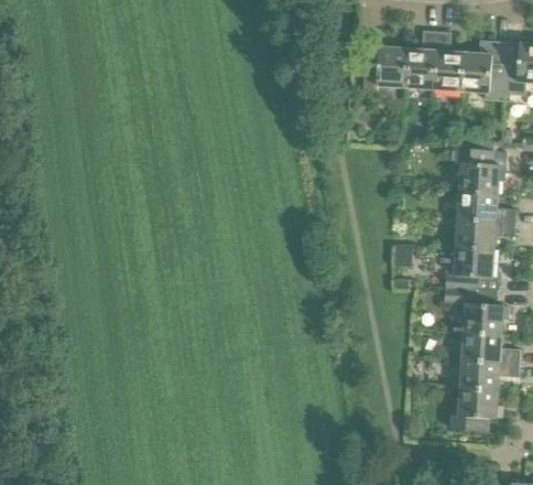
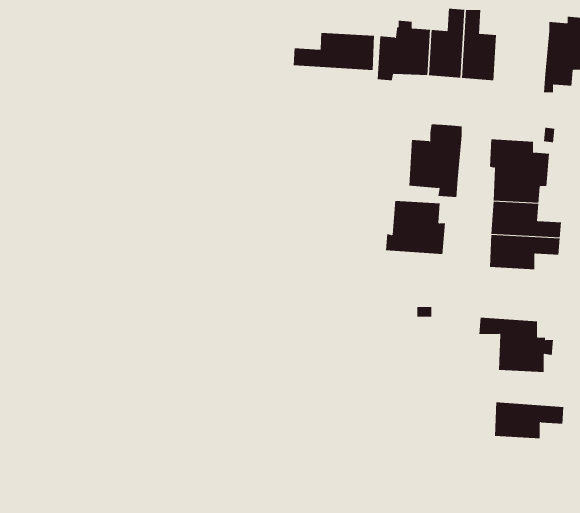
building: [460,40,505,101] -> [408,124,463,198]
building: none -> [293,32,375,71]
building: [448,247,499,292] -> [385,200,446,255]
building: [461,333,520,364] -> none
building: [452,388,503,432] -> none

